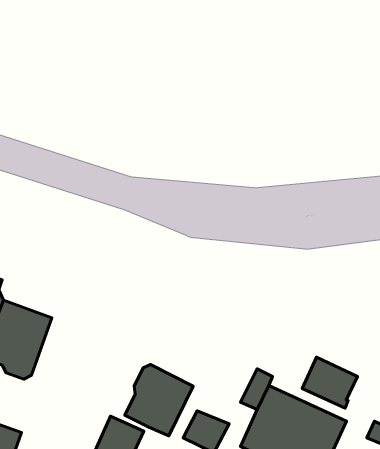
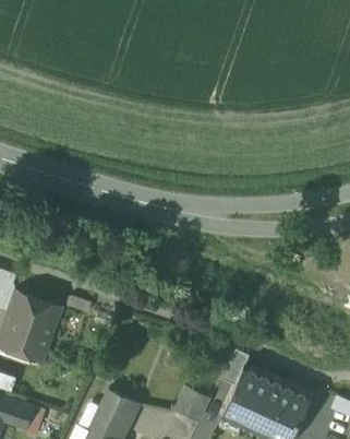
building: [302,357,357,408] -> none
building: [125,365,193,436] -> none

